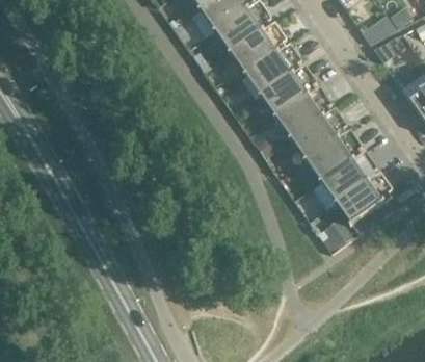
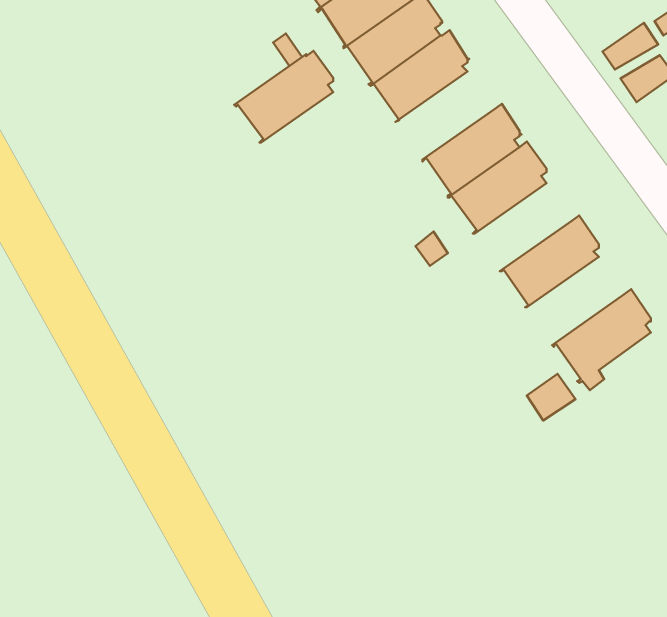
building: [239,44,296,97] -> [234,51,333,142]
building: [285,108,342,161] -> none
building: [315,151,372,204] -> none

